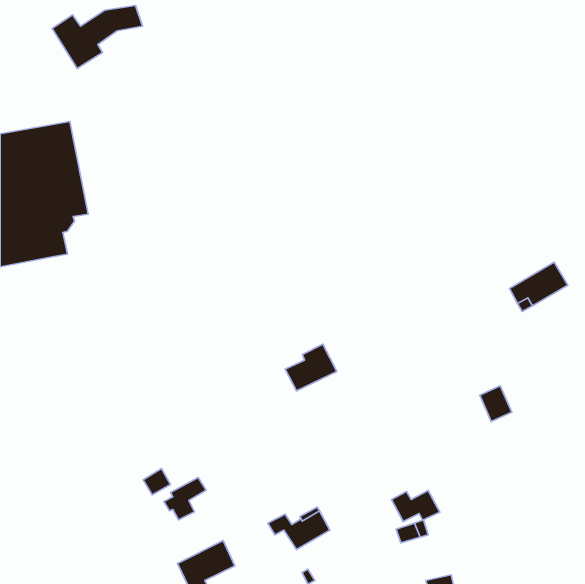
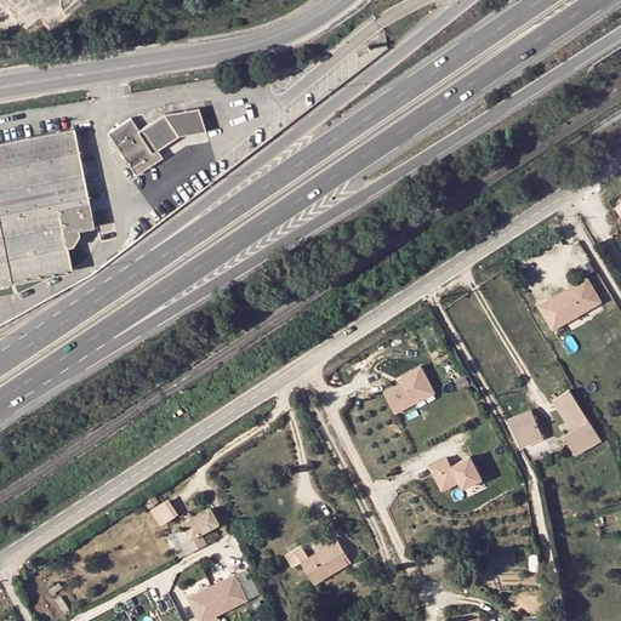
building: [52,6,142,69] -> [109,109,205,176]
building: [285,344,337,391] -> [383,364,438,414]
building: none -> [552,389,599,455]
building: [392,490,440,521] -> [431,457,482,490]

